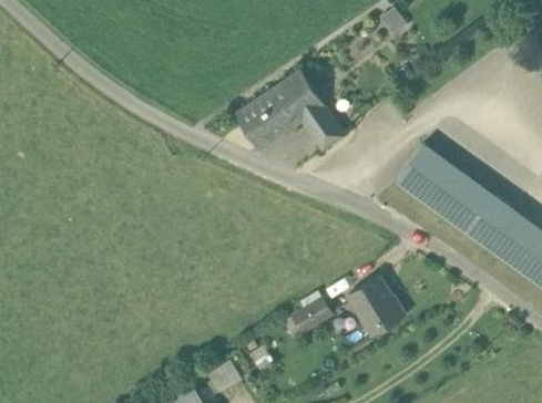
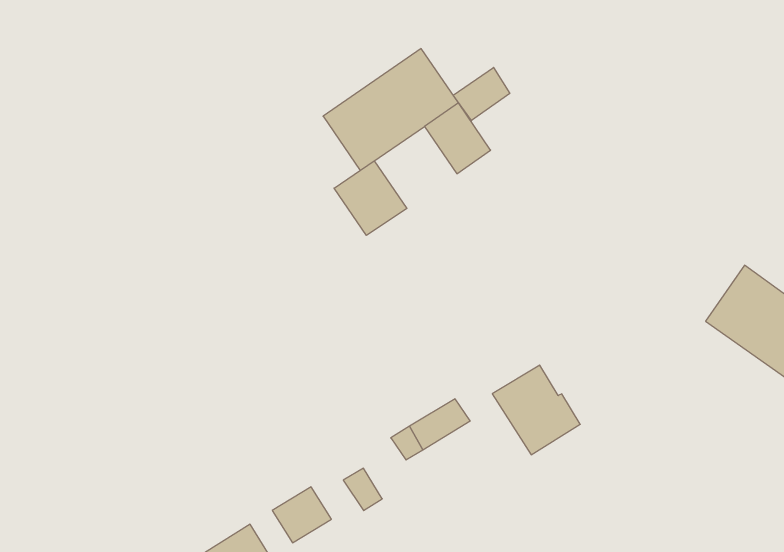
building: none -> [453,67,510,121]
building: none -> [334,161,407,235]
building: [397,145,513,248] -> none

